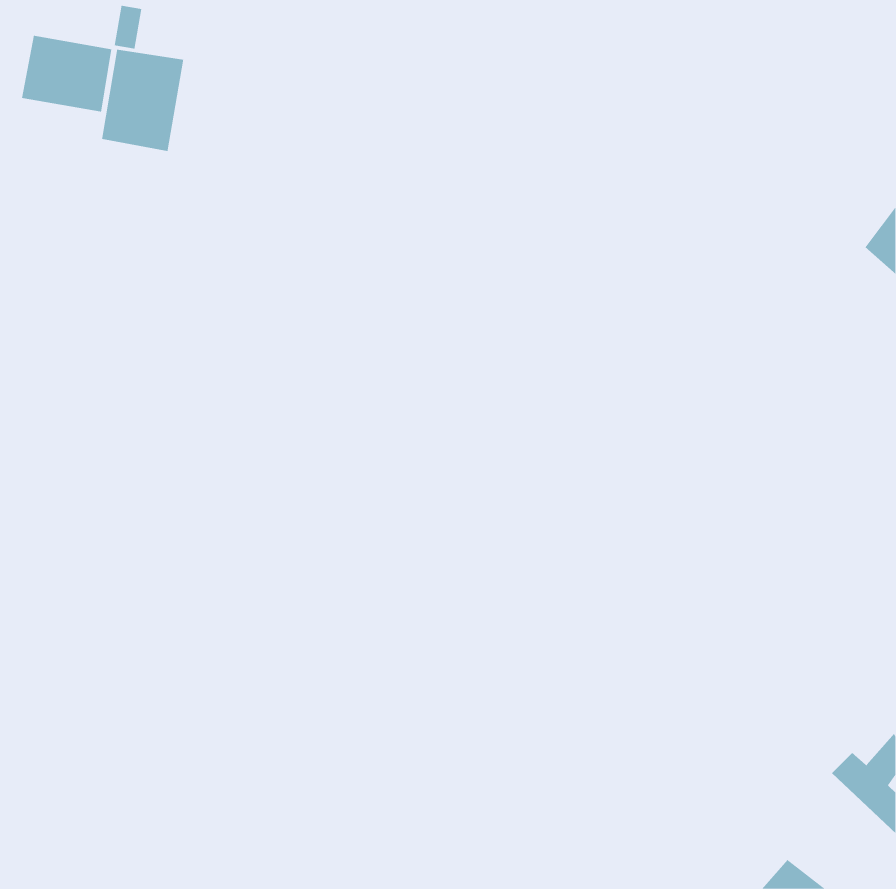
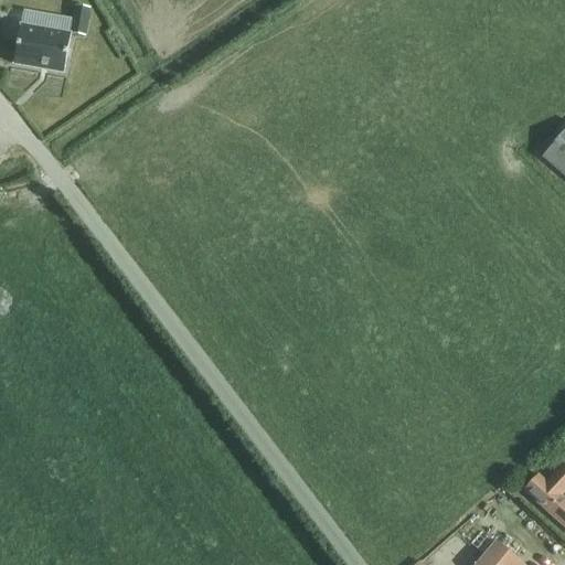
building: [102,49,184,152] -> none

